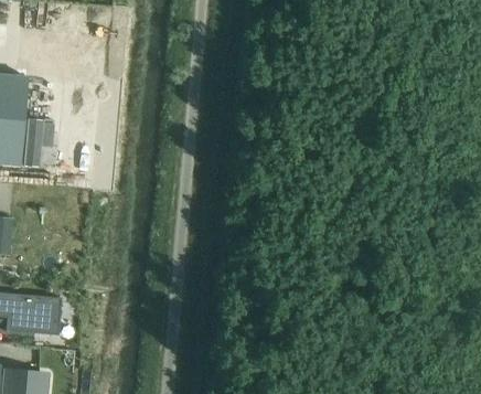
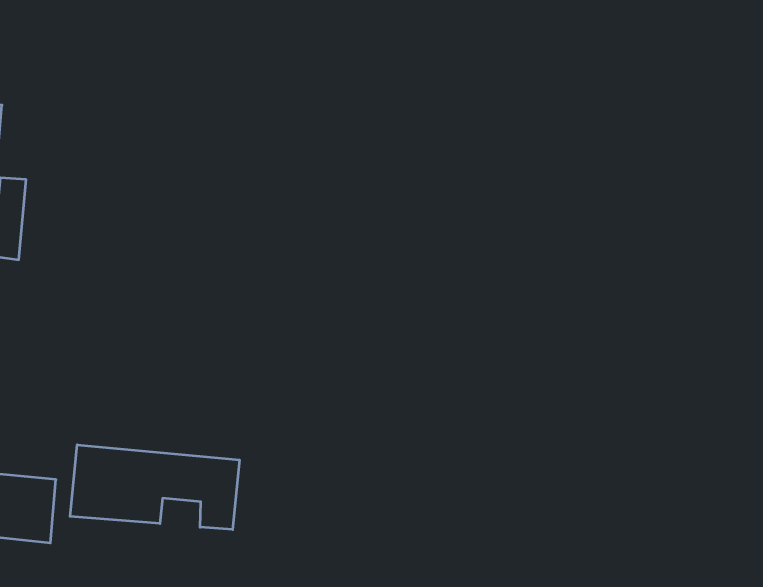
building: none -> [70,445,239,530]

